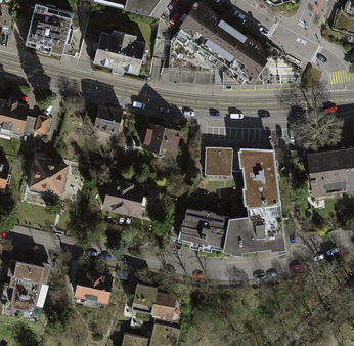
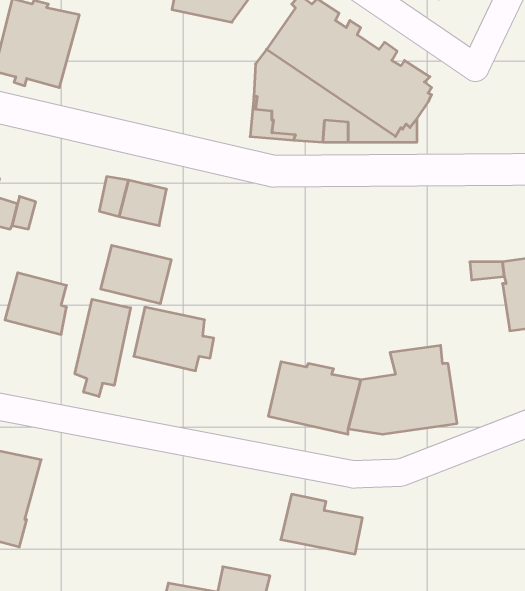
building: [93,30,146,74] -> none
building: [141,123,181,156] -> [101,245,171,303]
building: [205,148,279,204] -> none
building: none -> [75,299,131,397]
building: [75,270,112,302] -> none
building: [131,284,177,317] -> [281,494,362,554]

